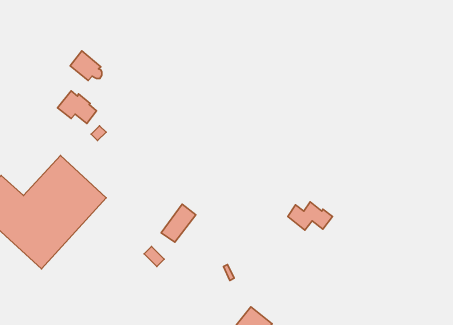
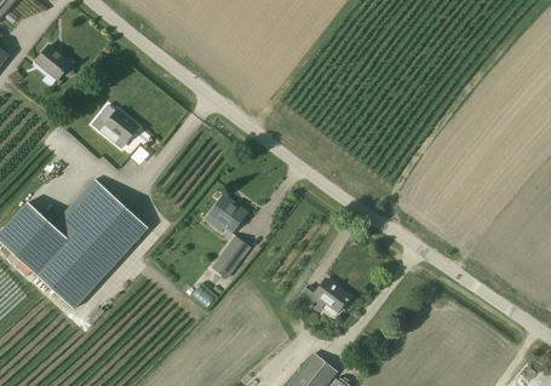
building: [70,51,102,81] -> [36,45,73,79]
building: none -> [203,195,246,232]
building: [288,202,332,230] -> [299,280,350,312]

